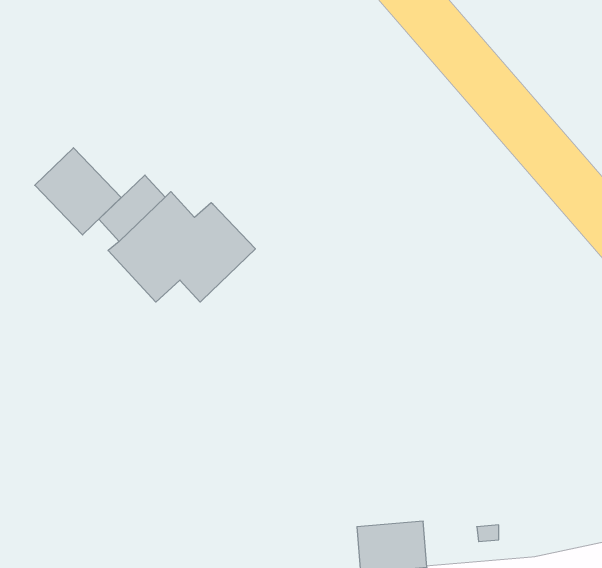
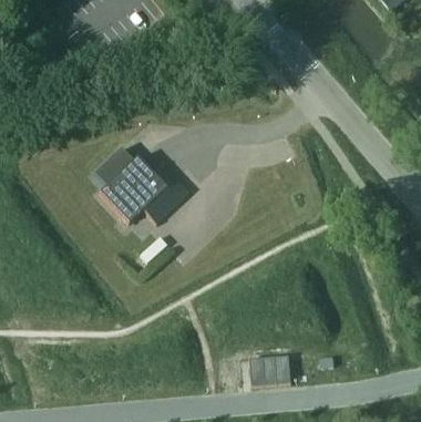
building: [35,148,121,235] -> none

